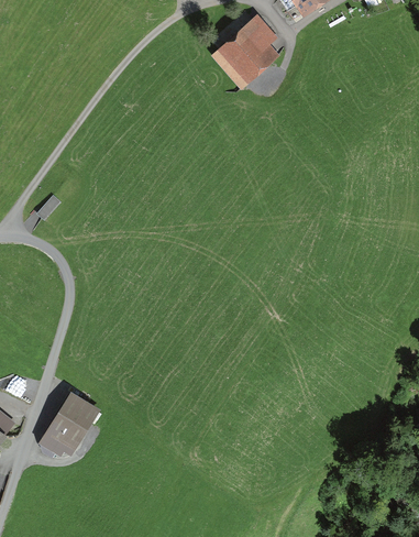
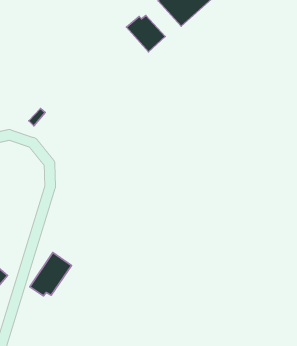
building: none -> [127,16,165,52]

